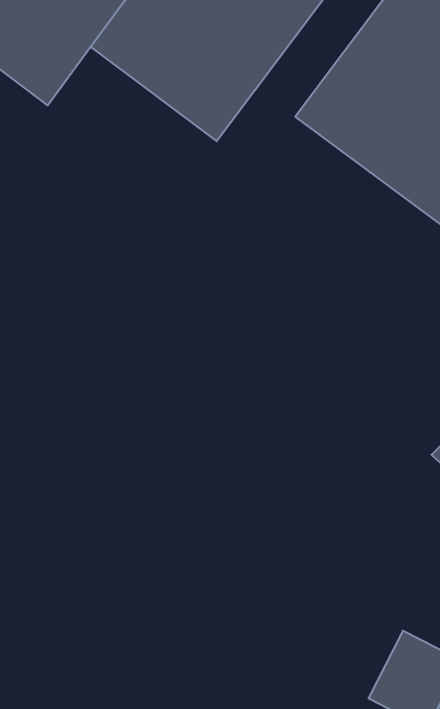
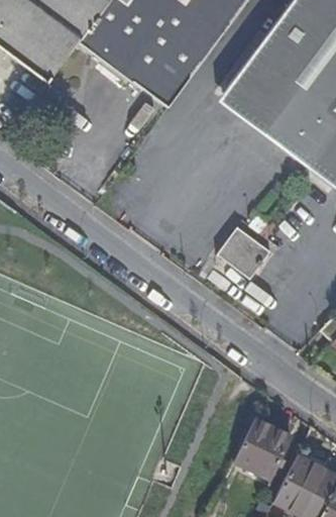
building: none -> [216,222,271,276]
building: none -> [236,417,293,479]

